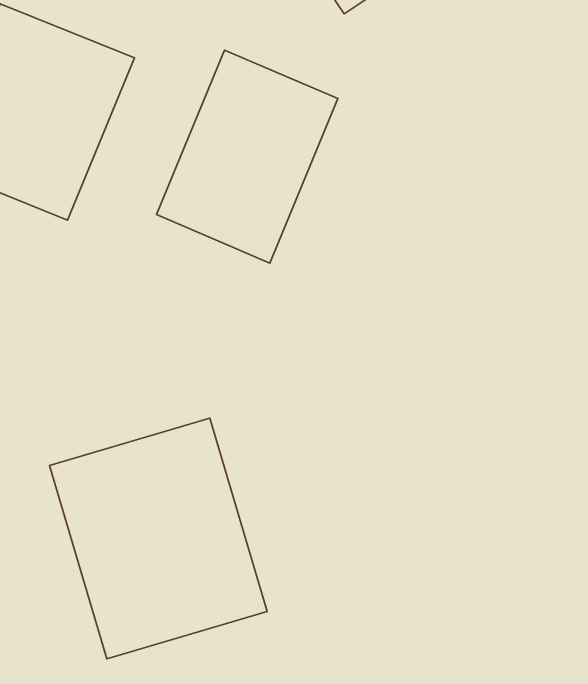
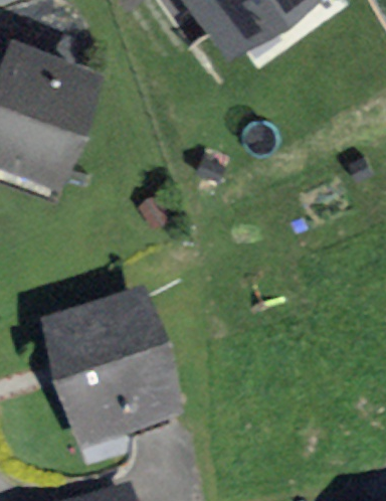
building: [156,50,338,263] -> none

